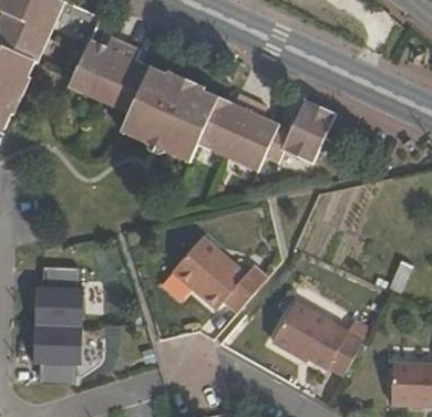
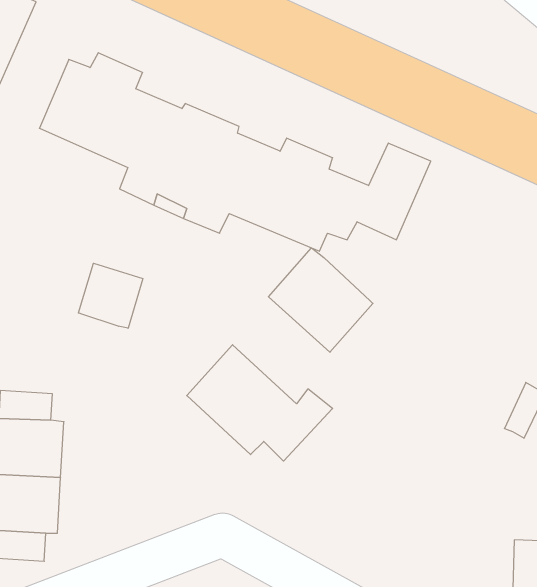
building: none -> [268,248,373,352]
building: none -> [78,263,143,328]
building: [270,303,361,377] -> none

